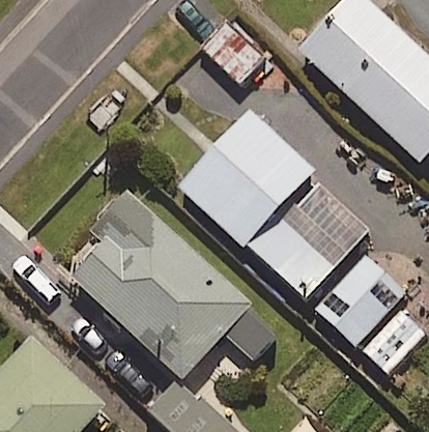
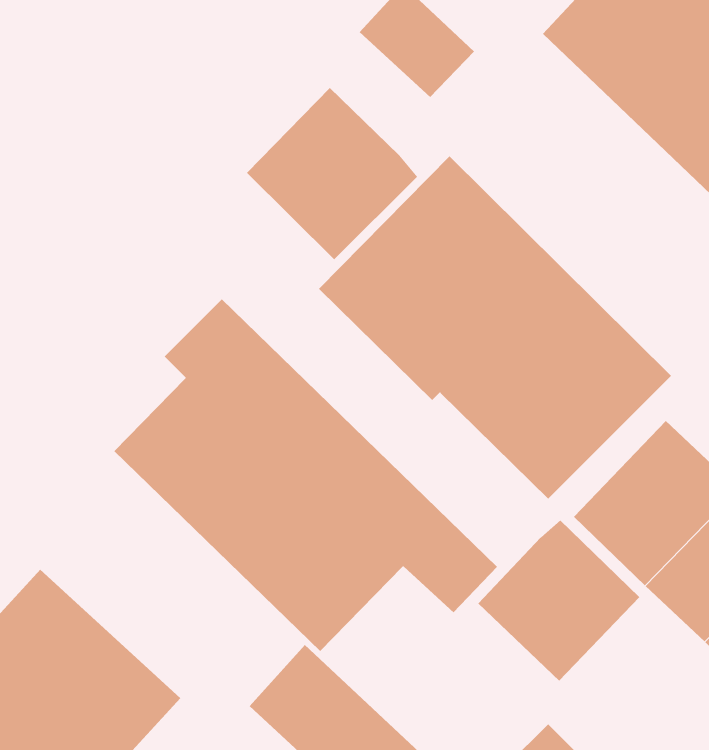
building: none -> [246,87,418,260]
building: none -> [478,520,640,681]

